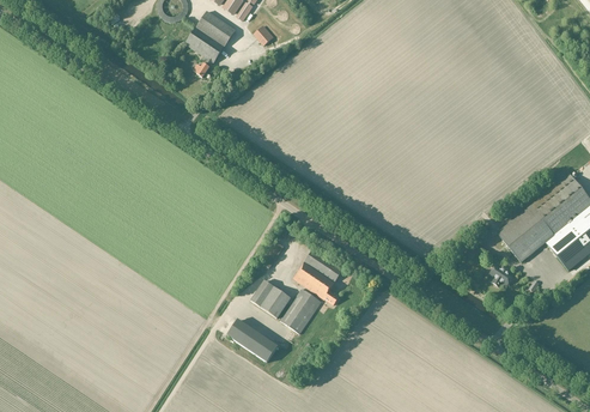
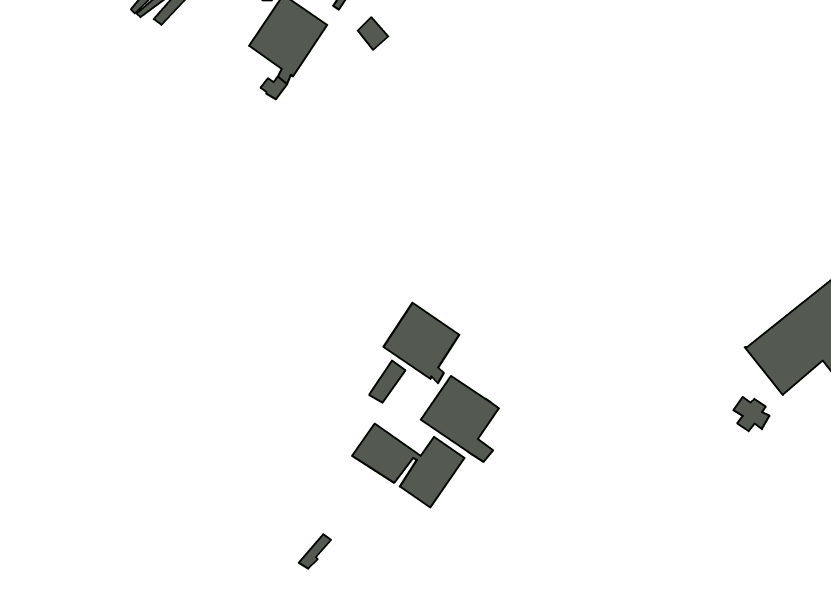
building: none -> [384,303,459,383]
building: [229,320,278,362] -> none

